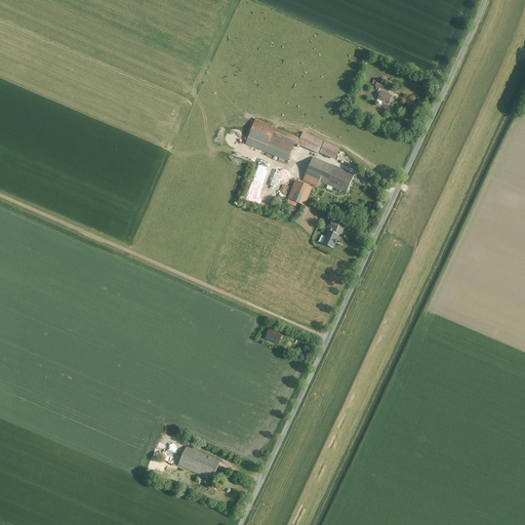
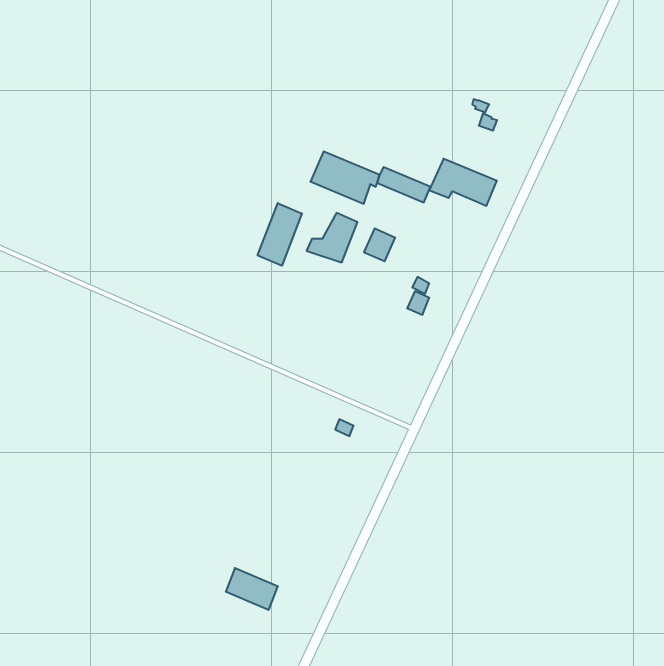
building: [300,155,354,192] -> [429,159,497,206]
building: none -> [258,203,302,266]

